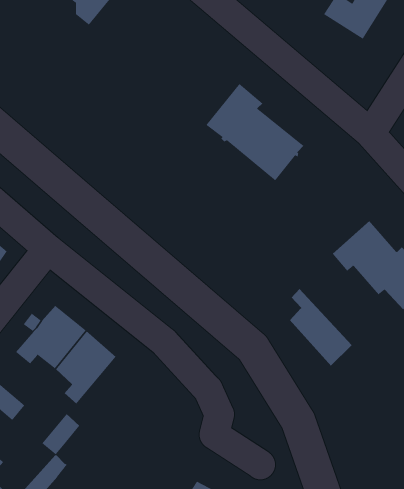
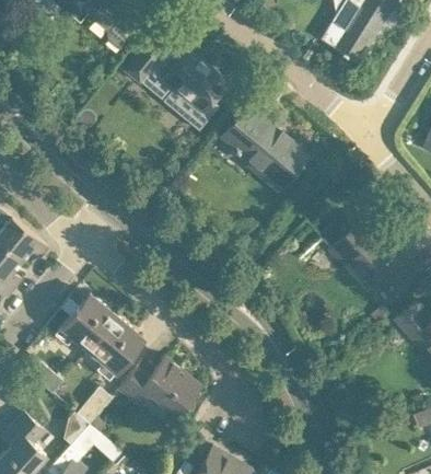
building: none -> [123,41,225,131]
building: [289,288,352,367] -> none
building: none -> [117,357,198,414]

